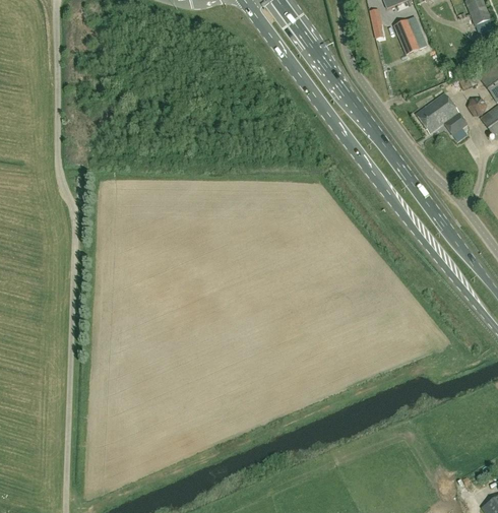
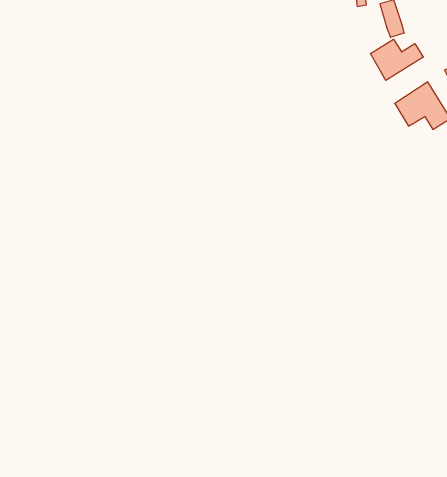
building: none -> [370,39,423,80]

